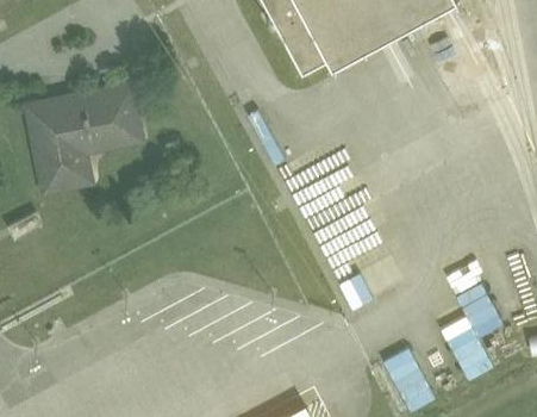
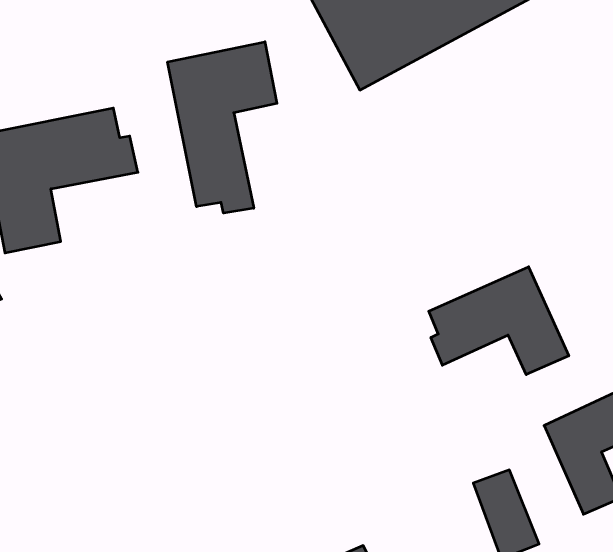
building: none -> [168,42,277,213]
building: none -> [429,267,569,375]

